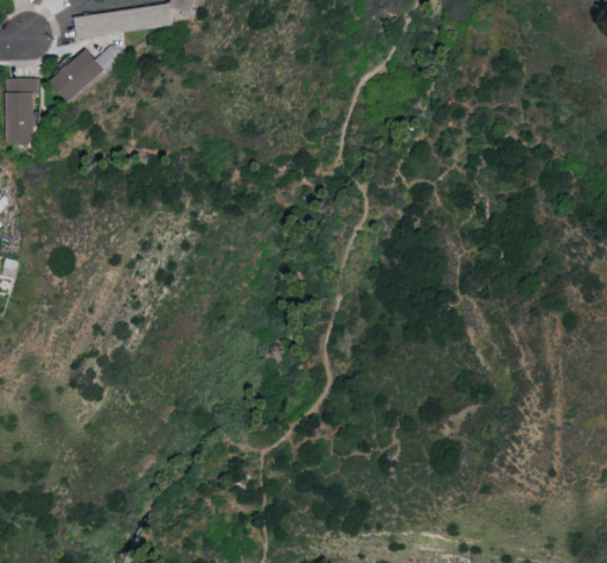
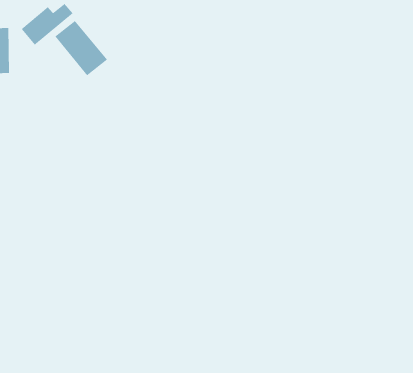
building: none -> [54,20,108,76]

